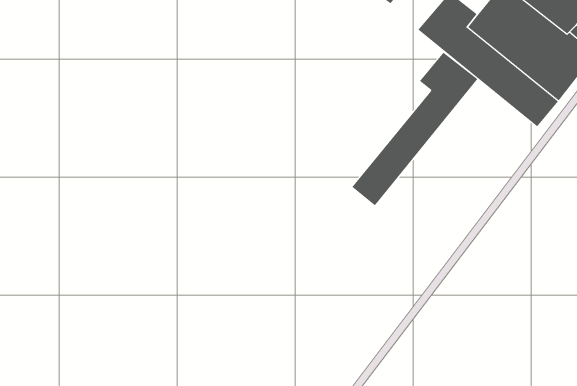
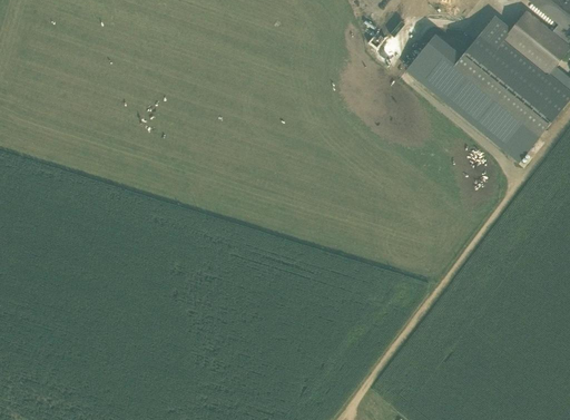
building: [352,52,478,206] -> none

